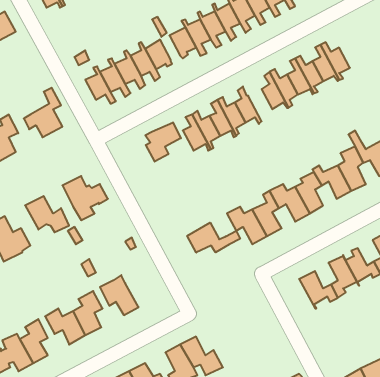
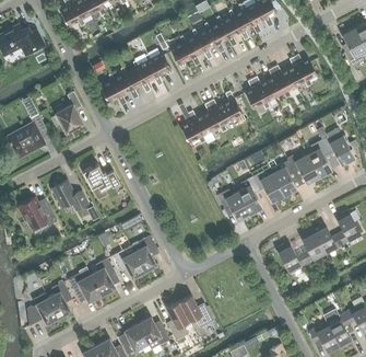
building: [145,122,181,162] -> none
building: [187,223,240,253] -> none
building: none -> [130,235,157,272]

